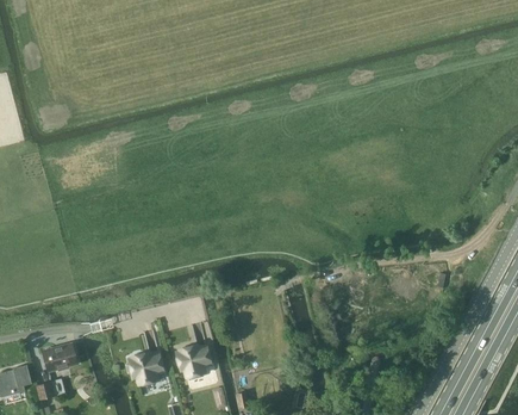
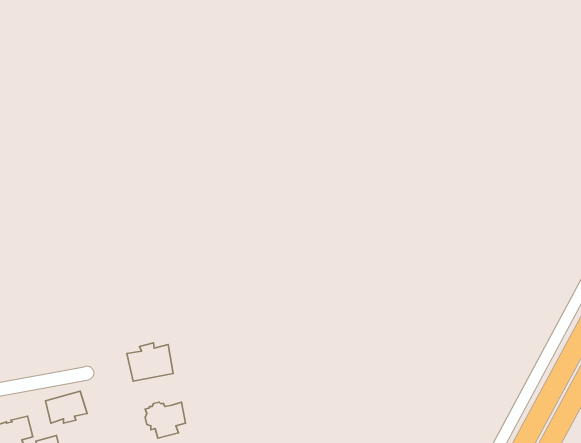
building: none -> [127,343,173,381]
building: [176,345,213,377] -> none

